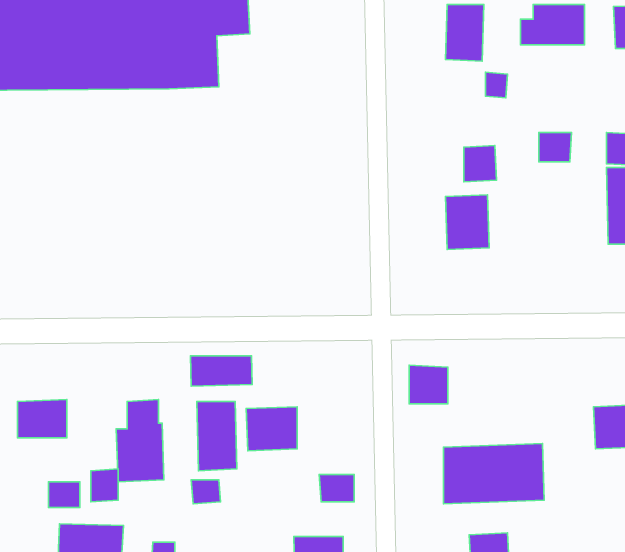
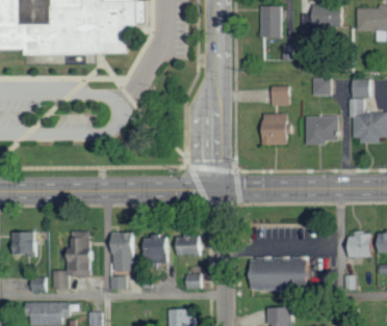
building: none -> [299,117,333,145]
building: [191,356,252,386] -> none
building: [409,365,448,404] -> [180,233,202,254]

